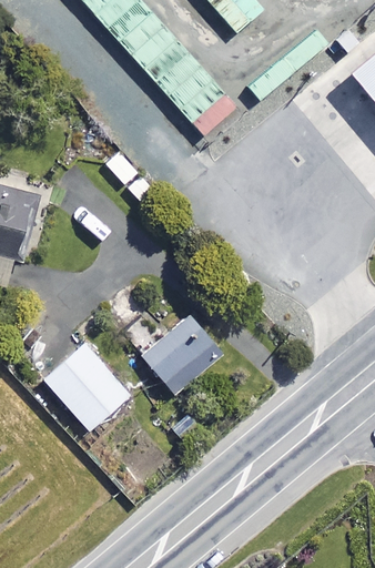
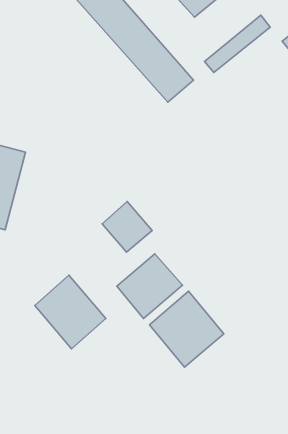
building: none -> [102,201,152,252]
building: none -> [150,291,224,367]

